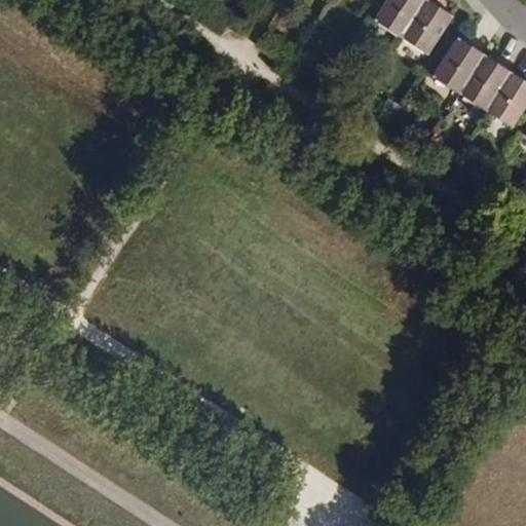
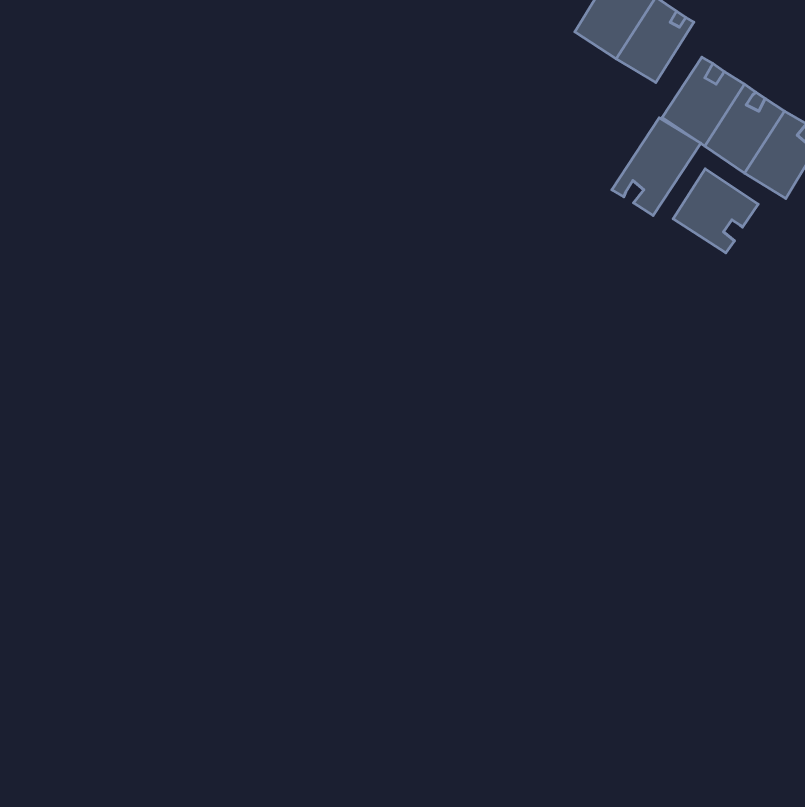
building: none -> [612,118,701,215]
building: none -> [673,169,758,253]

